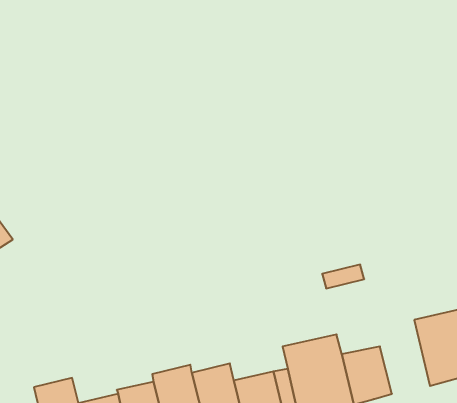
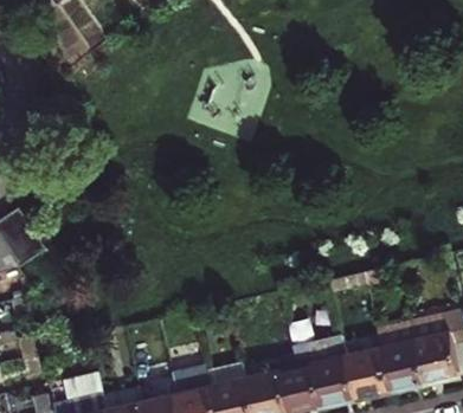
building: none -> [371,323,419,389]

